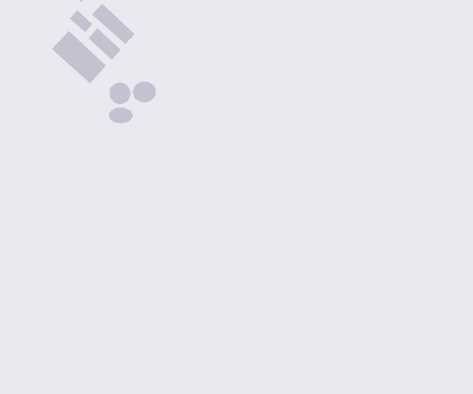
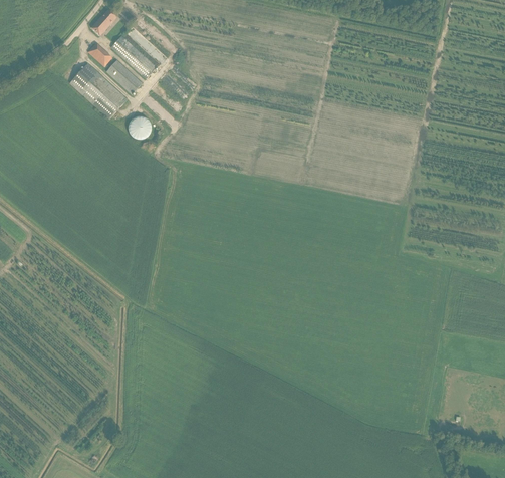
building: [132,81,156,103] -> none
building: [108,107,133,124] -> none

